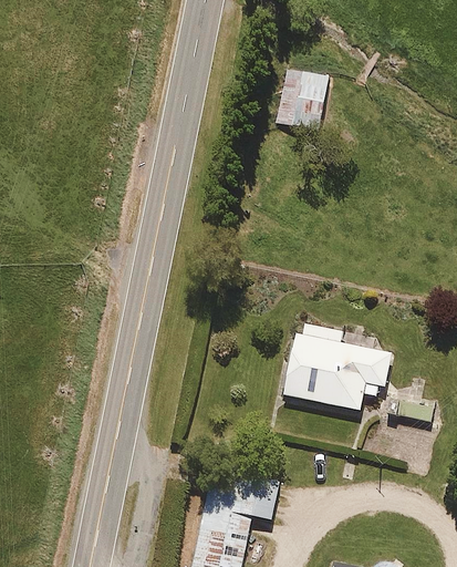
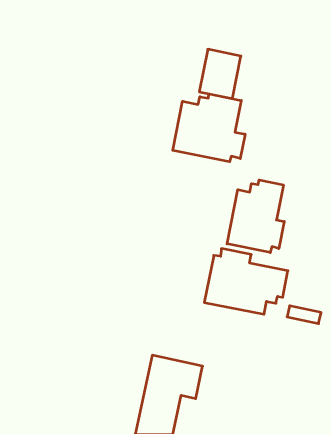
building: none -> [173,94,245,162]
building: none -> [227,180,284,253]

